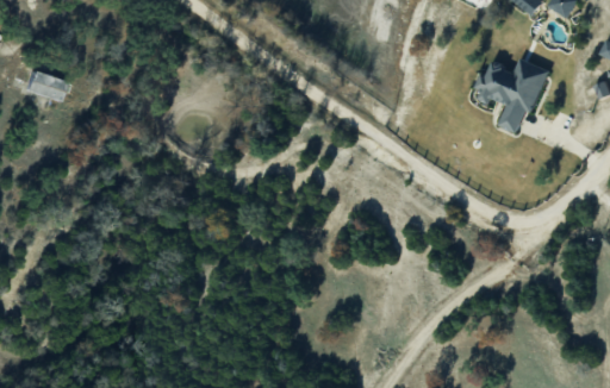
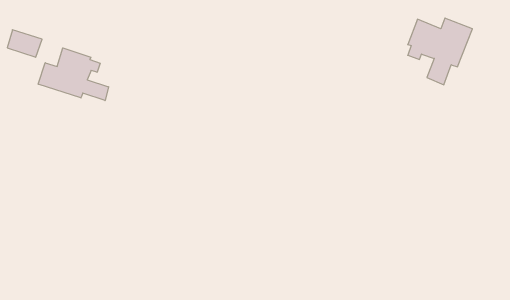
building: none -> [38,48,109,101]

